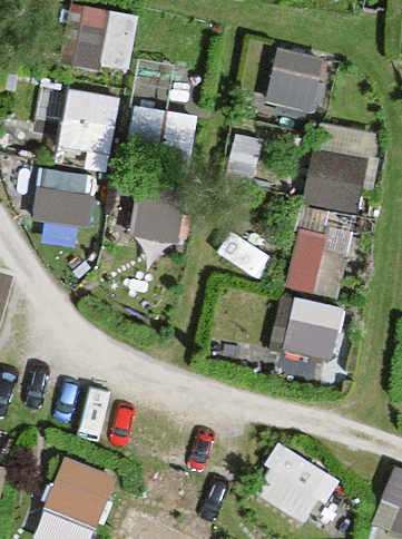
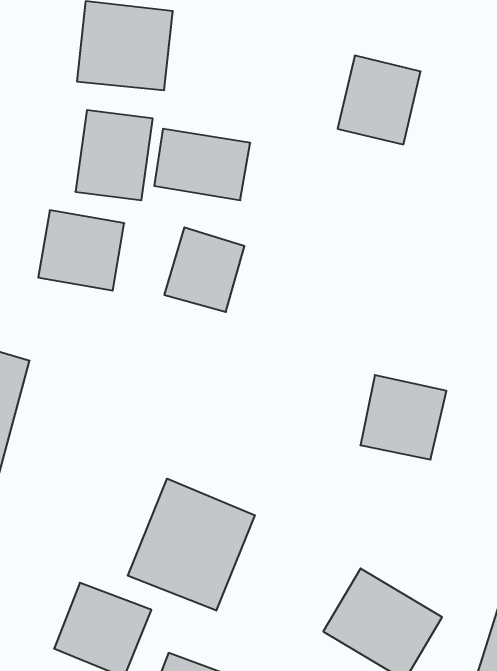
building: [281,124,378,300] -> none
building: none -> [128,479,255,611]

